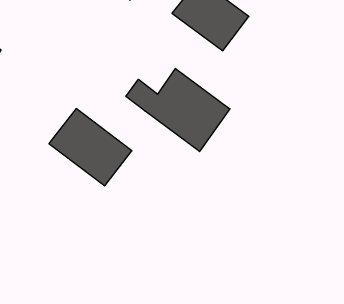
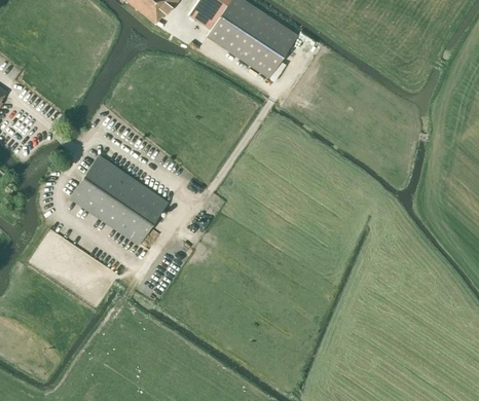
building: [126,68,230,152] -> none

